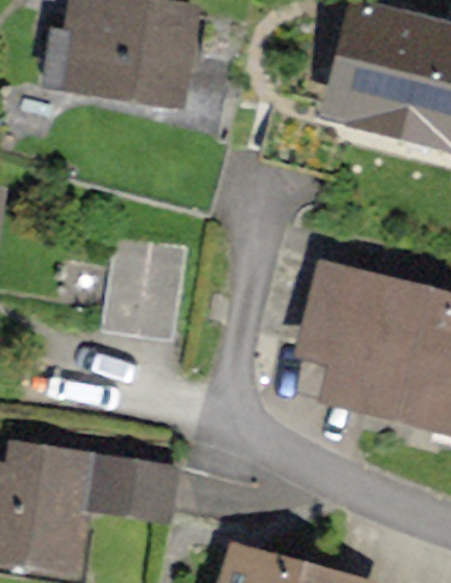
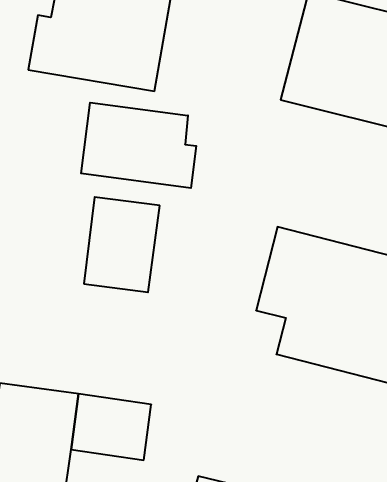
building: none -> [81,103,196,188]

